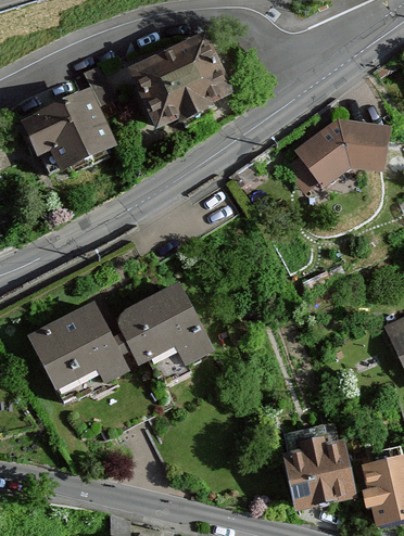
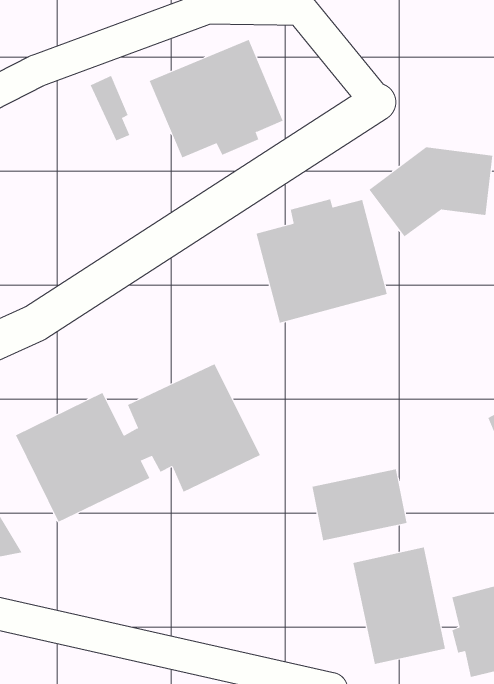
building: [23,92,114,176] -> none
building: none -> [256,199,388,323]
building: none -> [312,468,407,541]

